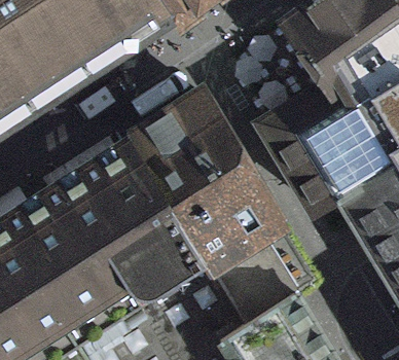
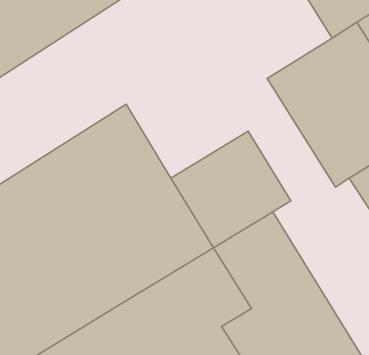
building: [137,86,249,196] -> none

